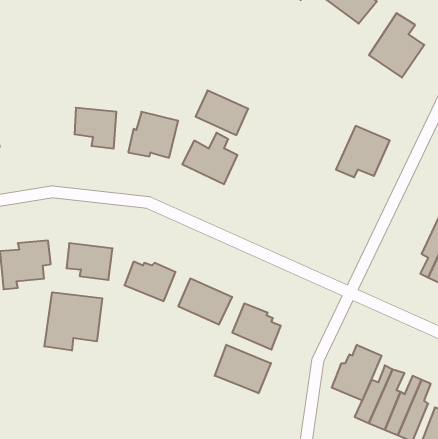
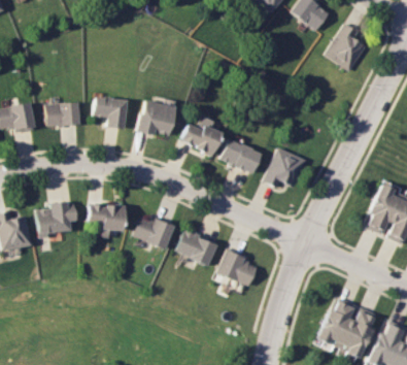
building: [196,90,248,135] -> [221,139,262,174]
building: none -> [47,102,80,127]
building: [336,126,390,177] -> [264,147,306,188]
building: [44,292,102,351] -> none
building: [332,345,381,400] -> none
building: [215,345,271,393] -> none

